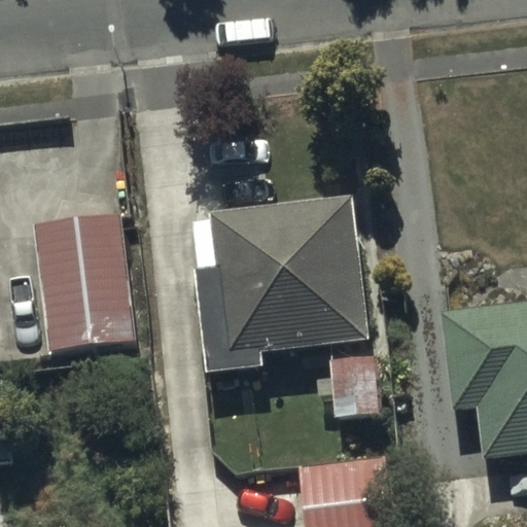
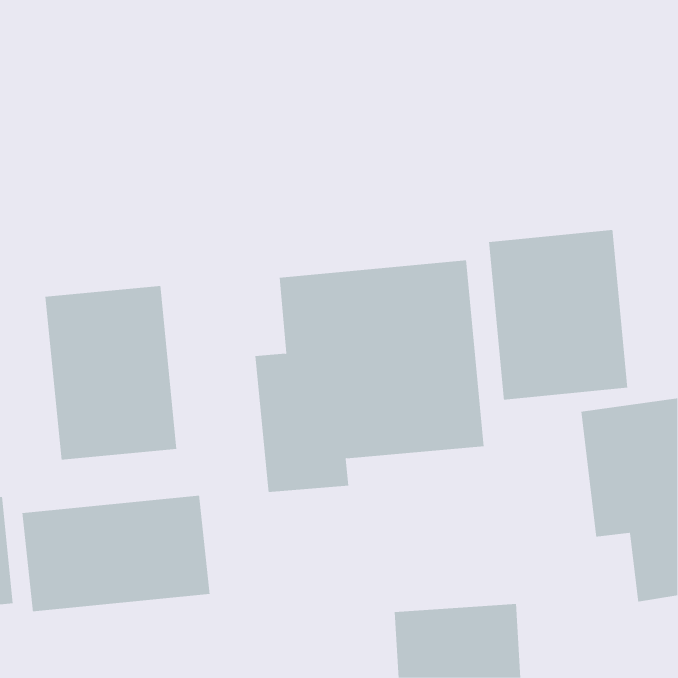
building: none -> [488,229,628,401]
building: none -> [22,495,210,612]

